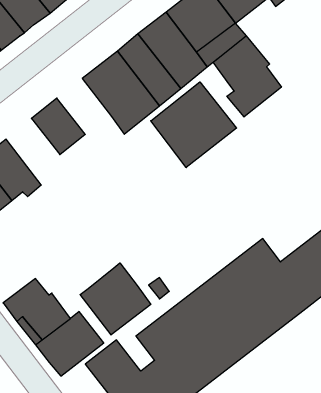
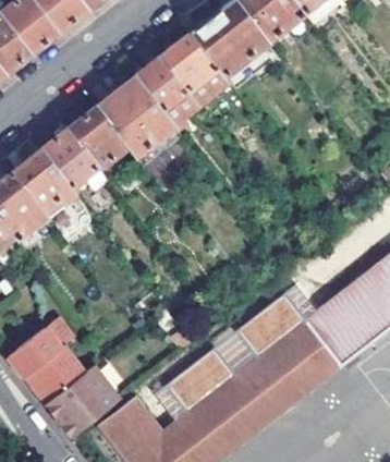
building: [213,36,281,117] -> none
building: none -> [68,105,129,169]
building: [151,82,237,168] -> none
building: none -> [11,149,75,214]
building: [80,263,151,335] -> none

